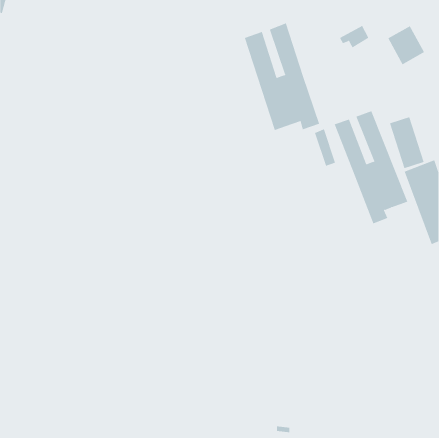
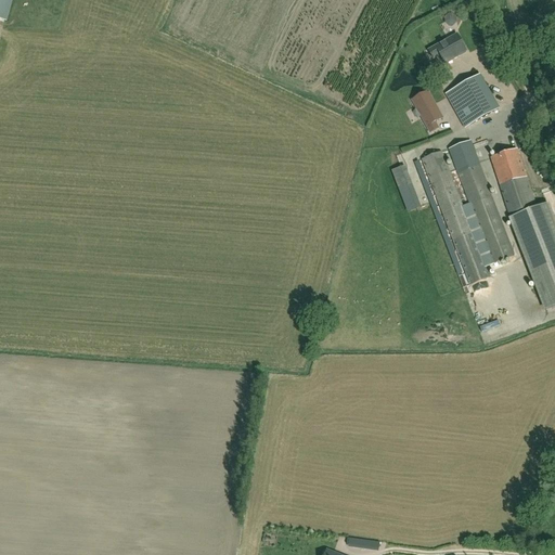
building: [244,23,320,131] -> none
building: [388,25,425,65] -> [451,73,498,122]
building: none -> [412,94,439,129]

